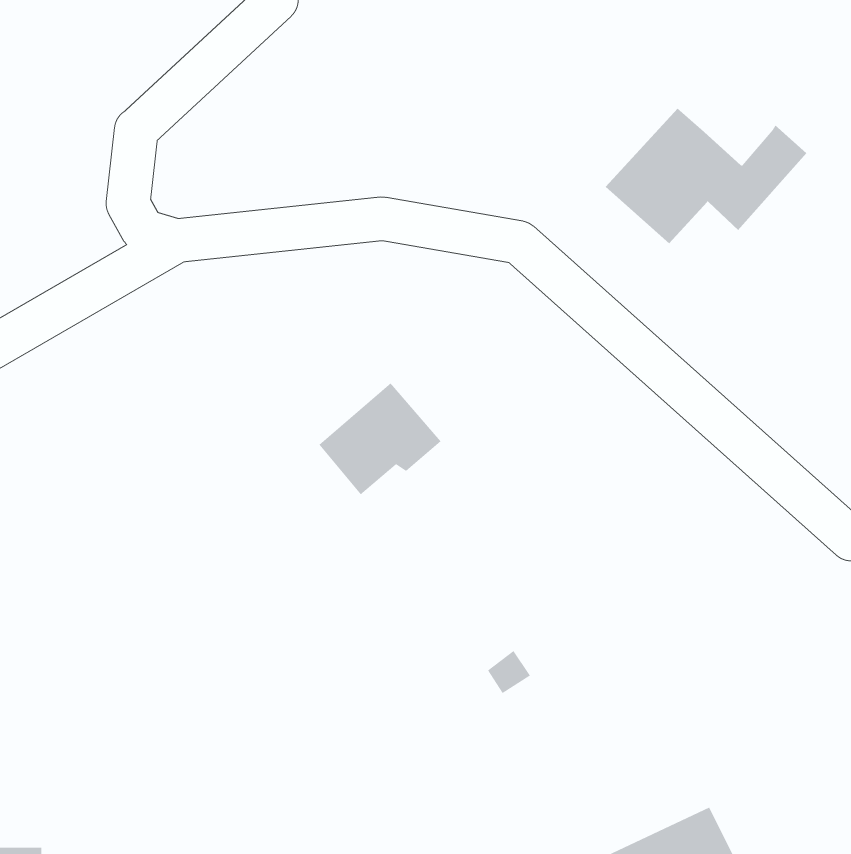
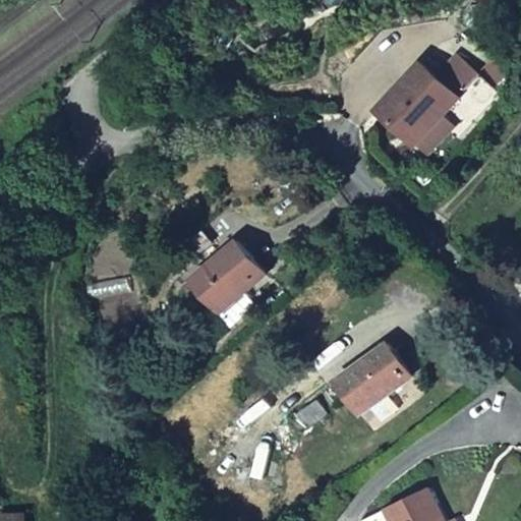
building: none -> [425,63,466,104]
building: none -> [335,341,407,413]

